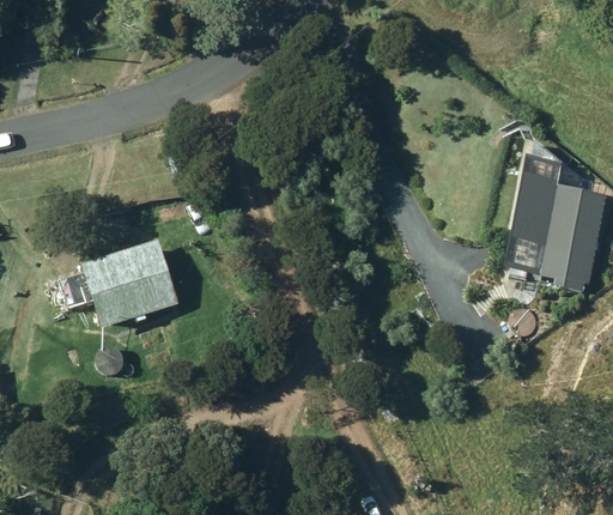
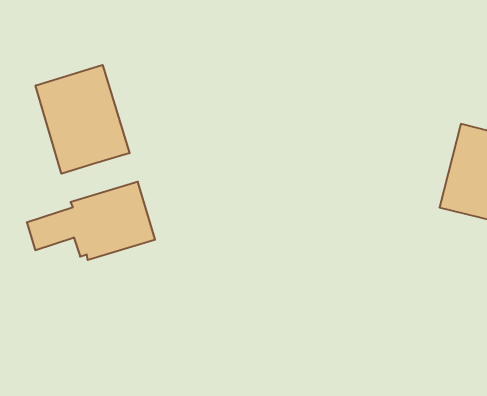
building: none -> [36,65,130,174]

